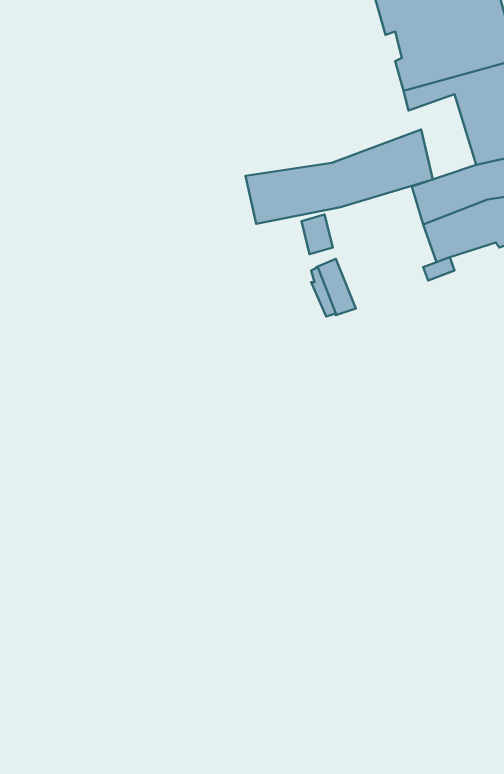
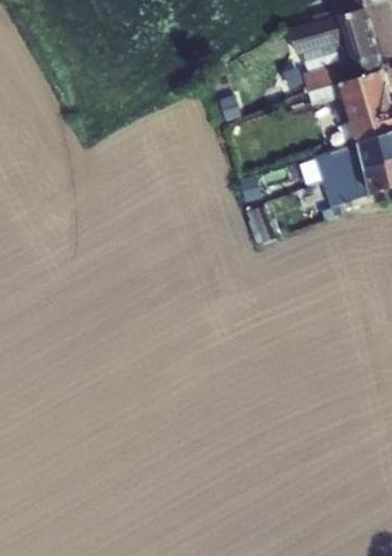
building: [246,130,433,224] -> none

